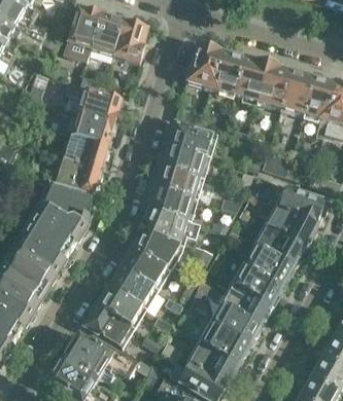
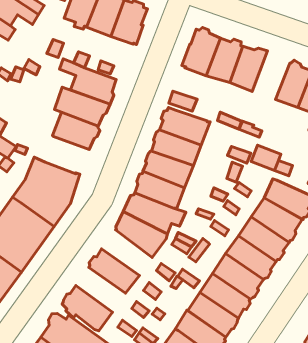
building: [256,60,291,107] -> none
building: [46,155,102,194] -> none
building: [119,247,170,290] -> none
building: [97,286,146,328] -> none

